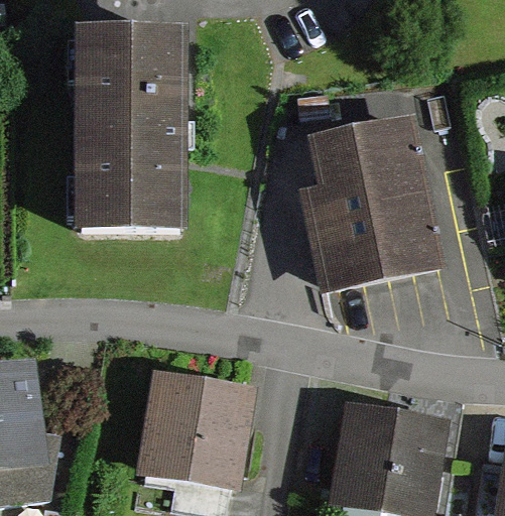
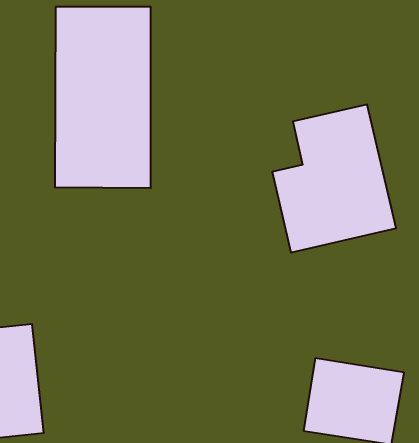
building: [146,381,268,493] -> none

